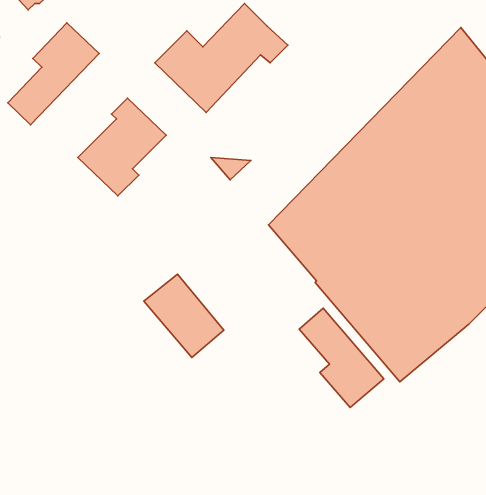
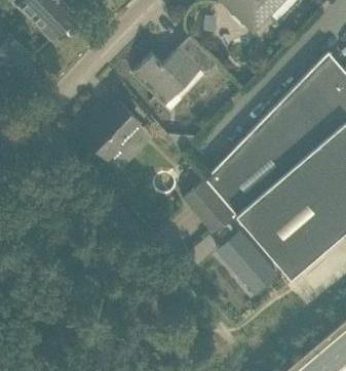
building: [8,23,99,125] -> none
building: [144,274,224,357] -> [181,180,232,234]

